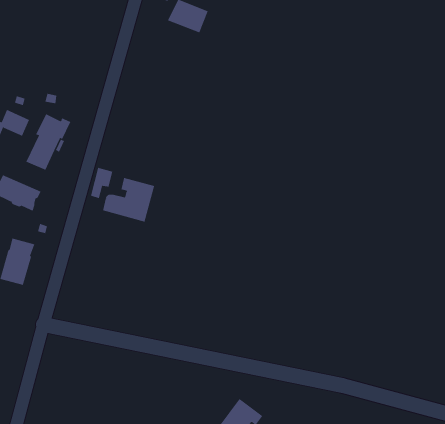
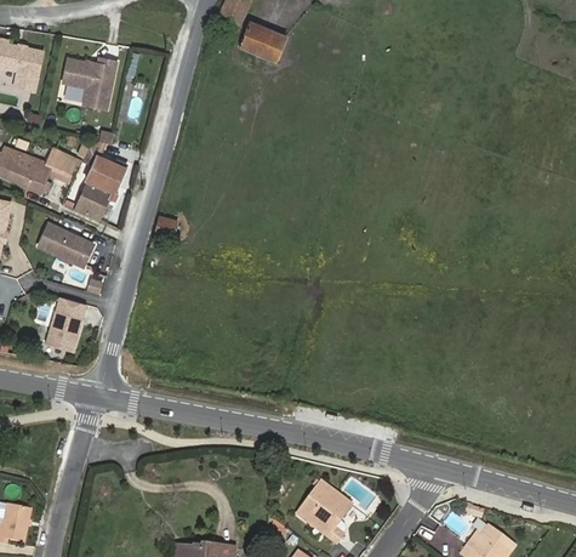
building: none -> [62,58,116,108]
building: [102,177,155,223] -> none

